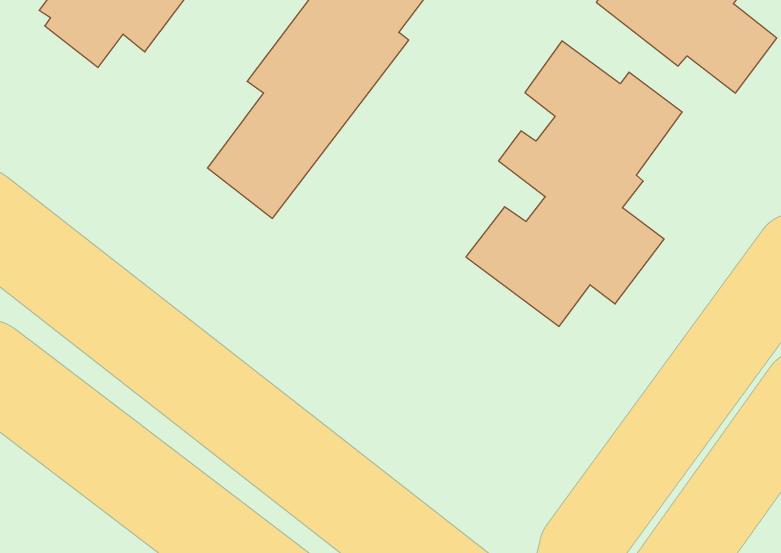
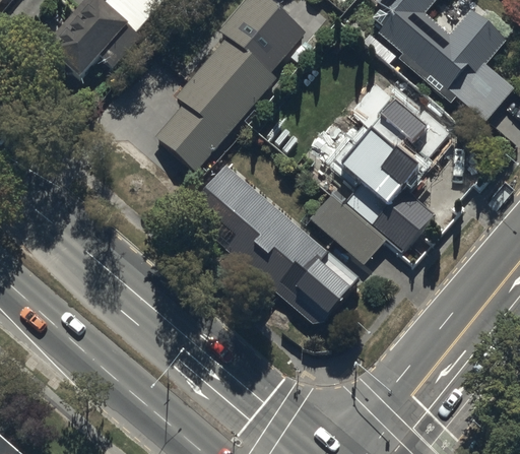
building: none -> [184,166,362,328]

